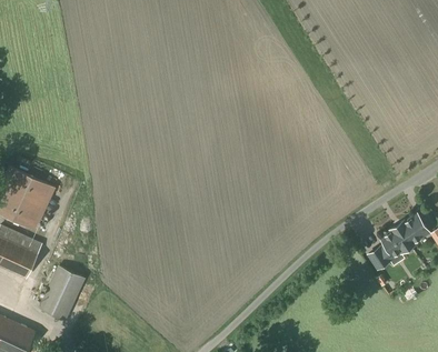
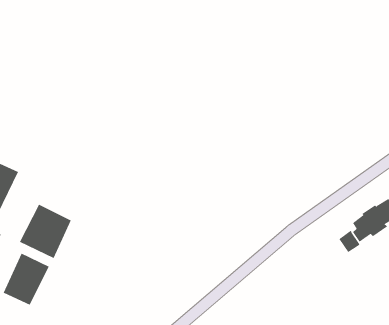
building: none -> [19,204,71,259]

